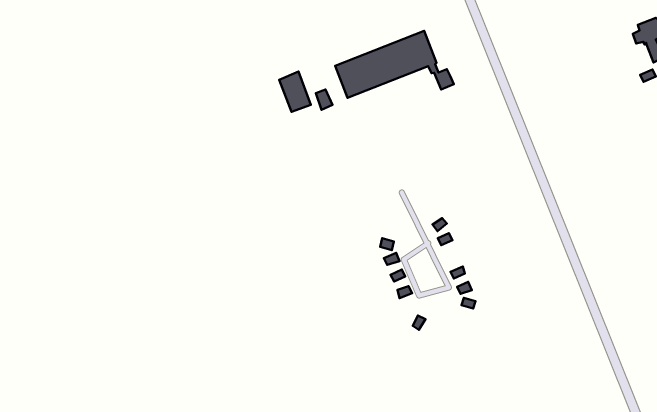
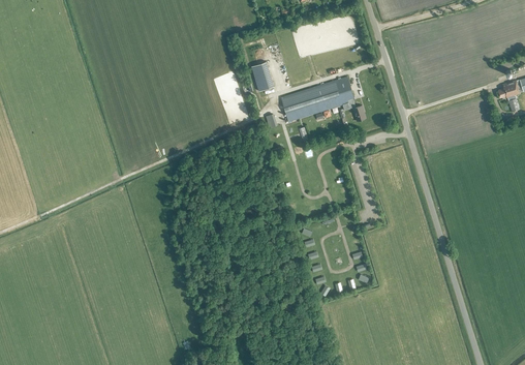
building: [279,71,311,112] -> [251,61,273,90]

